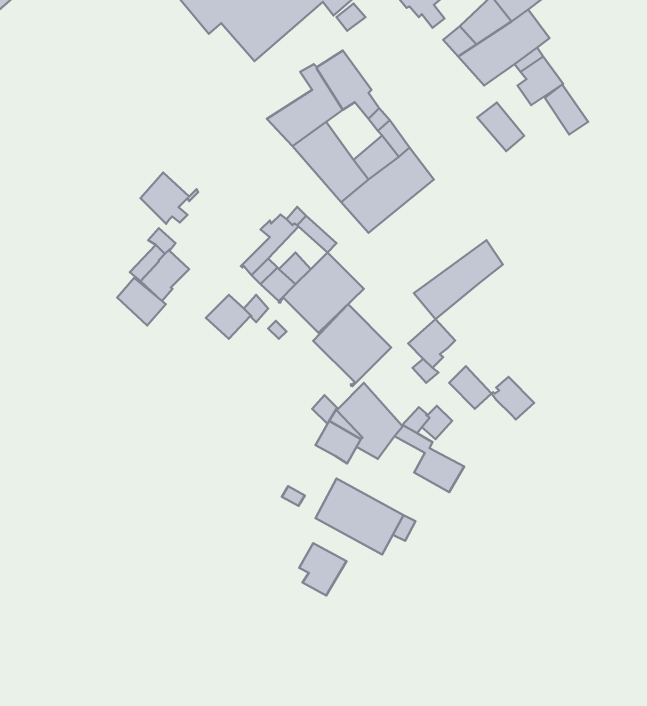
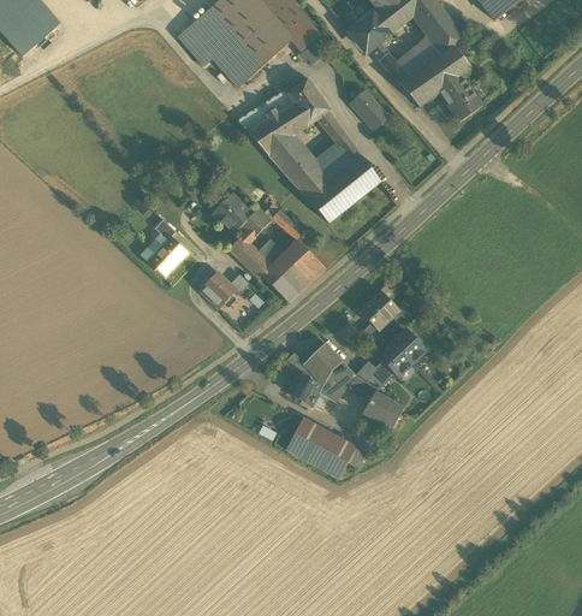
building: none -> [238,95,284,132]
building: [545,85,588,134] -> none
building: [477,102,524,151] -> [350,90,387,129]
building: [140,172,198,224] -> [213,192,259,233]
building: [414,240,503,319] -> none
building: [117,278,166,325] -> none
building: [313,304,391,386] -> none
building: [492,377,534,419] -> [379,342,412,375]
building: [299,543,346,596] -> none

